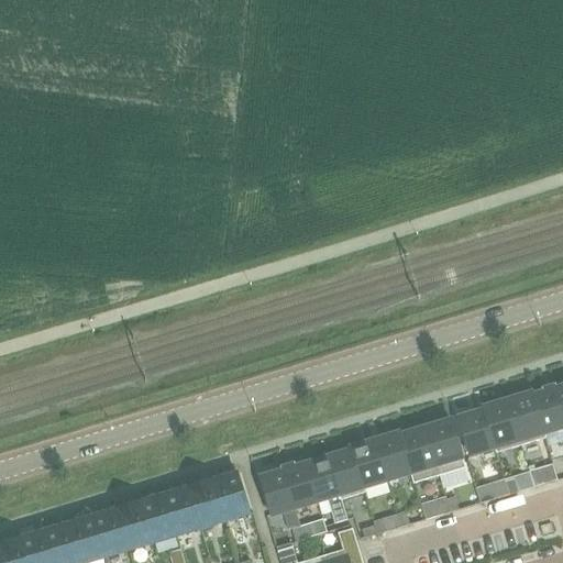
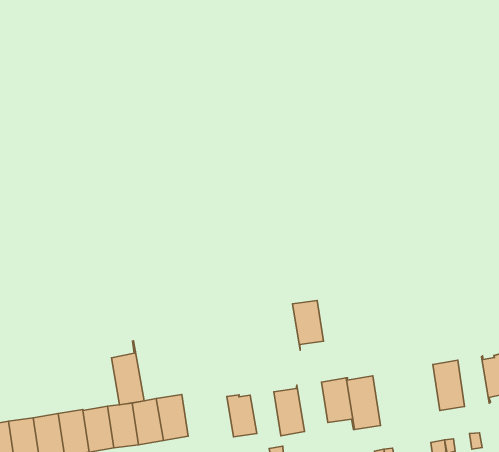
building: [507,391,544,443] -> none
building: [457,406,496,453] -> none
building: [424,418,464,474] -> none
building: none -> [111,341,144,405]
building: [350,439,386,490] -> [292,301,324,350]
building: [305,455,341,499] -> none
building: [258,466,294,514] -> none

